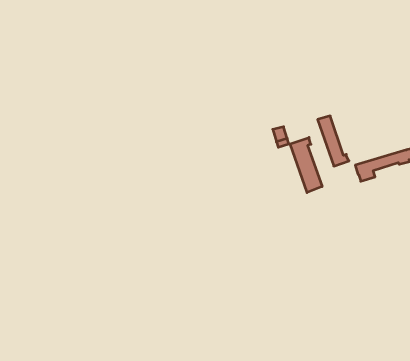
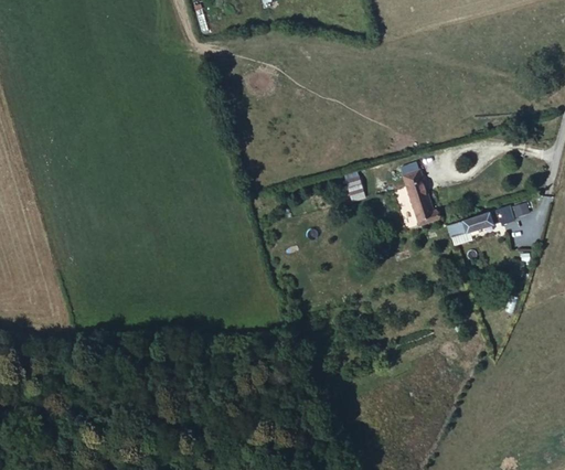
building: [290,137,322,193] -> none

